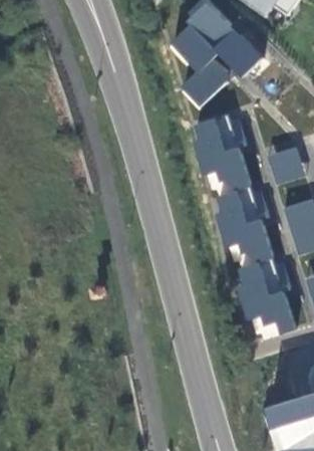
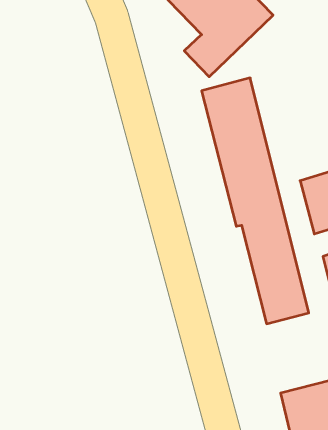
building: [268,146,306,185] -> none

